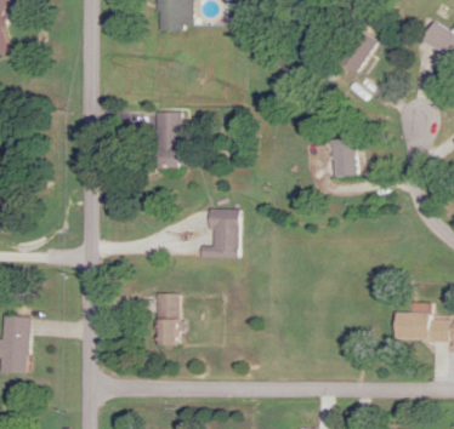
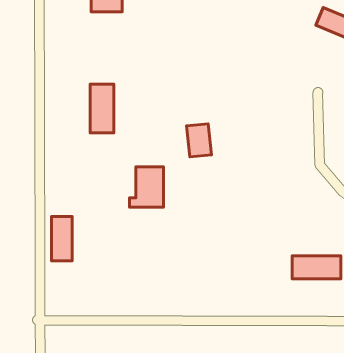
building: [334,29,375,75] -> none
building: [328,138,357,177] -> [187,124,211,157]
building: [154,293,178,345] -> [51,216,72,261]

